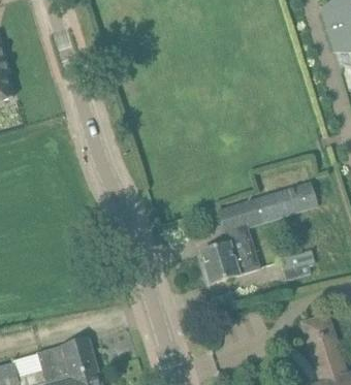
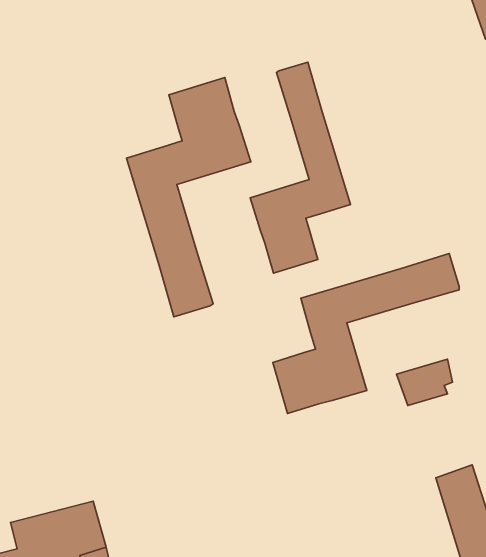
building: none -> [250,62,350,273]
building: none -> [126,78,251,317]

